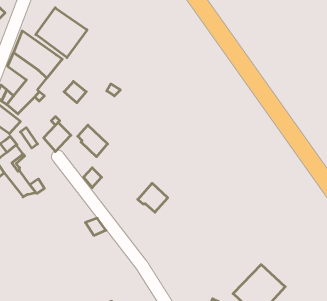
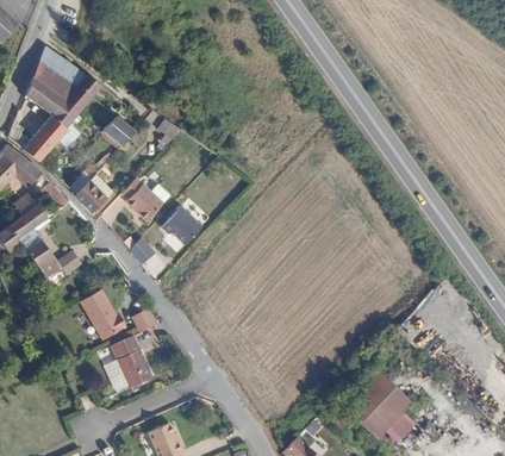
building: [36,8,87,58] -> none
building: [138,183,168,212] -> [161,205,202,245]
building: none -> [80,289,125,341]
building: none -> [108,337,152,389]

